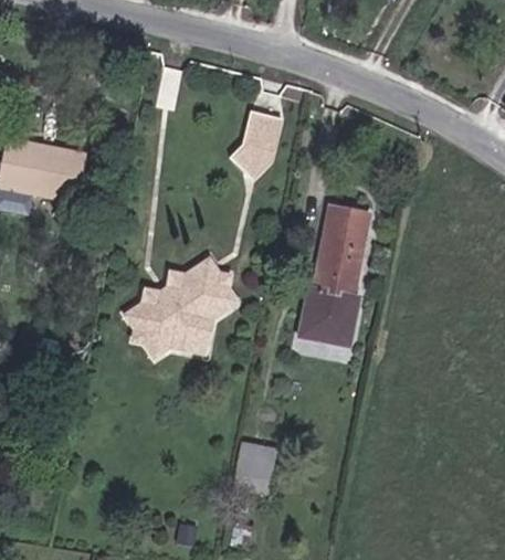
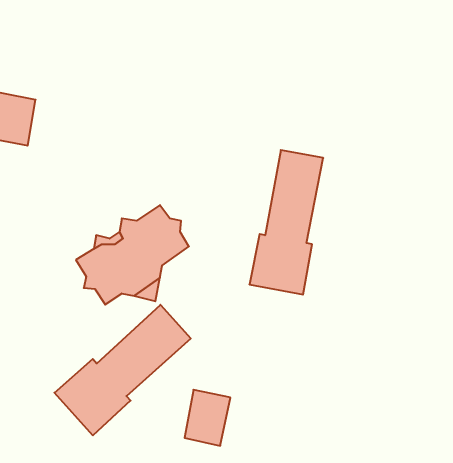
building: [235,112,286,181] -> none
building: none -> [54,305,191,435]

